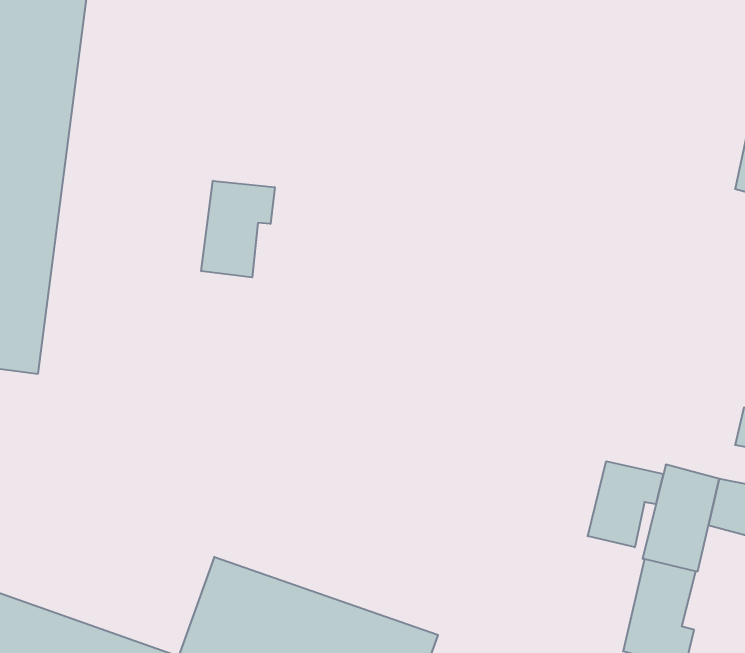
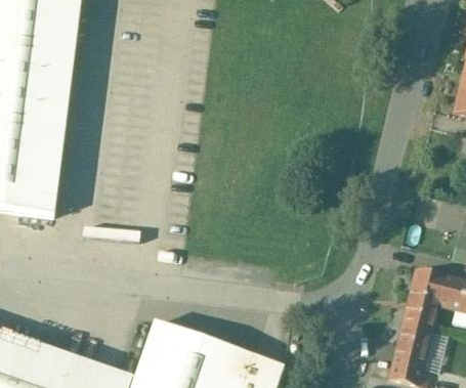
building: [201,181,275,277] -> none
building: [588,461,663,547] -> none

